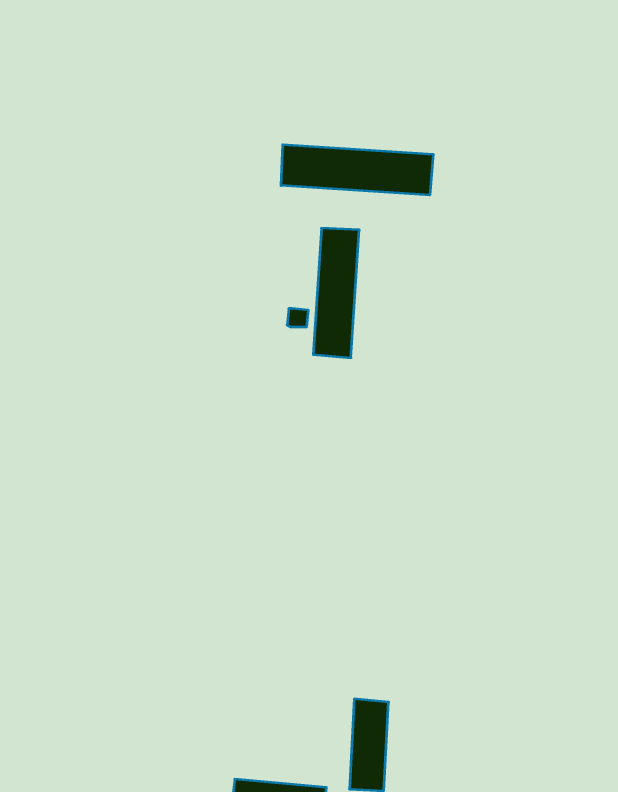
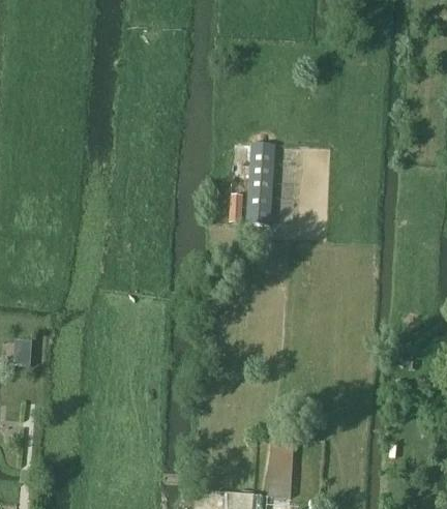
building: [281,145,433,195] -> none

